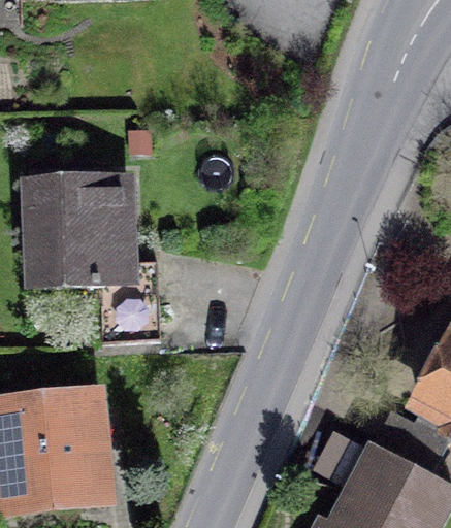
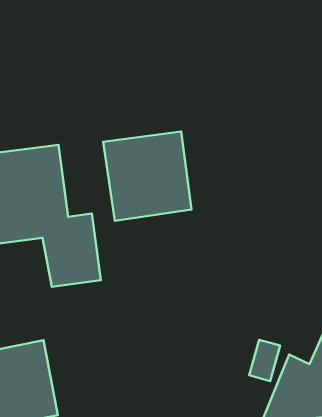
building: none -> [103,131,191,221]

